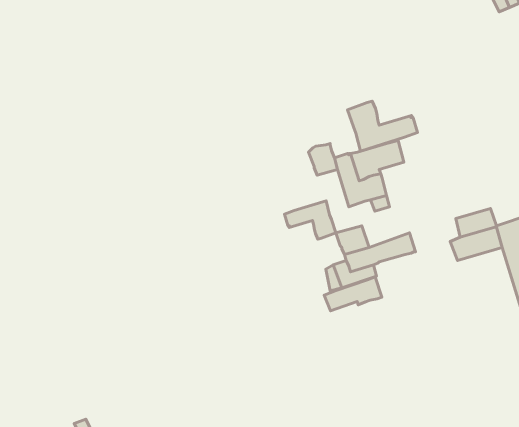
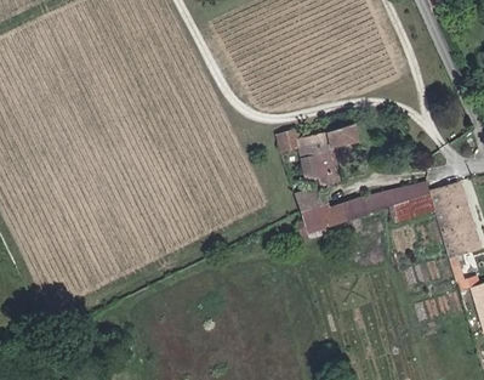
building: [348,101,417,151] -> none
building: [285,201,336,239] -> none
building: none -> [357,187,399,215]
building: [324,277,382,311] -> none

